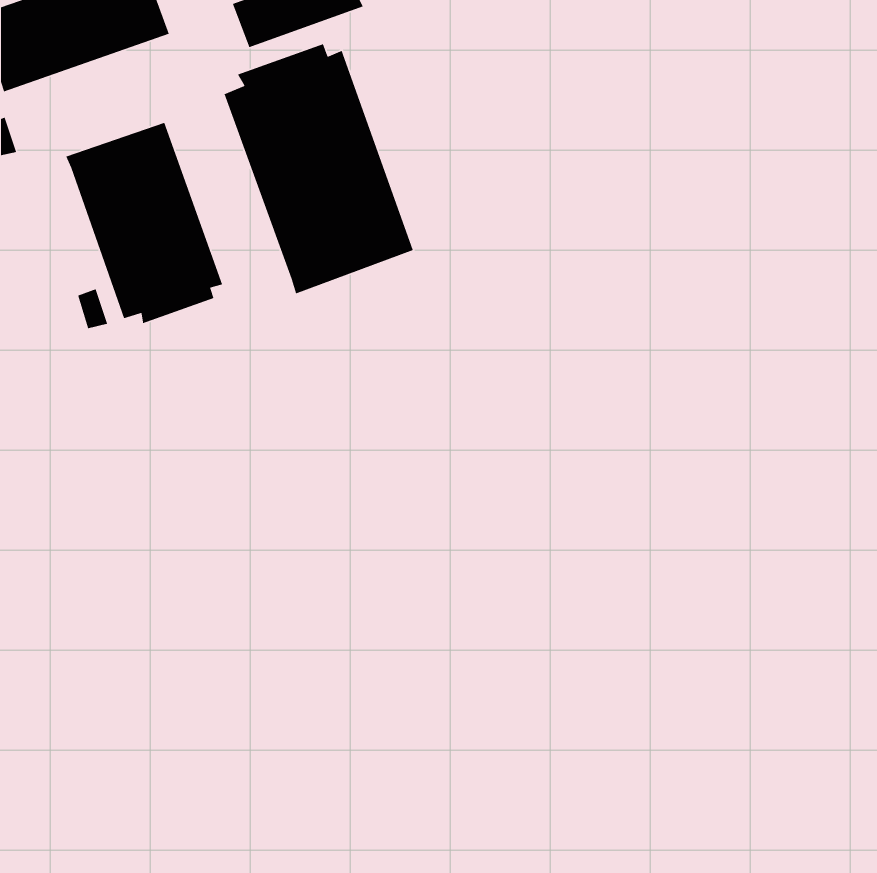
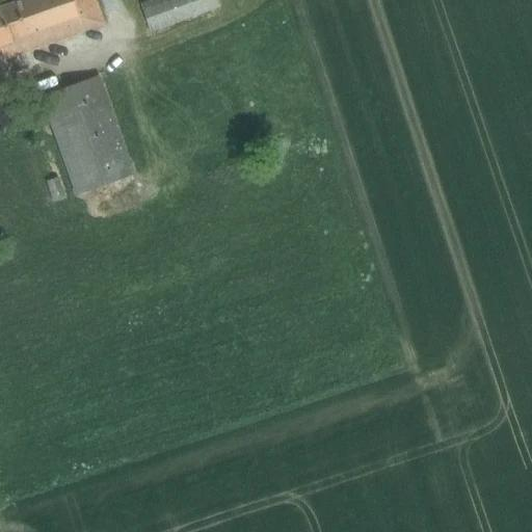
building: [224,43,414,295] -> none

